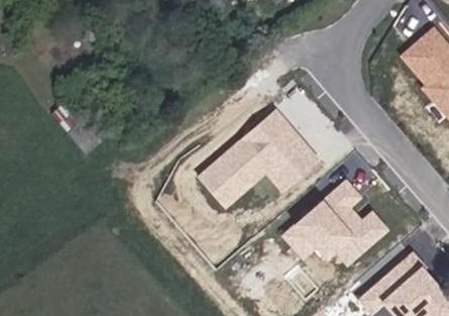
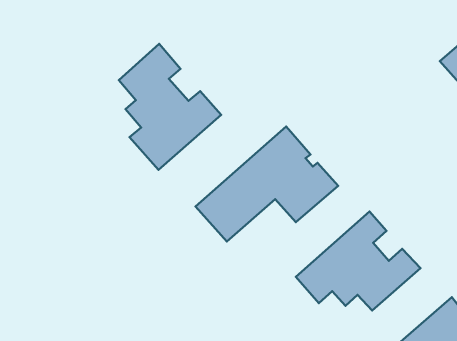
building: none -> [119,44,221,170]

